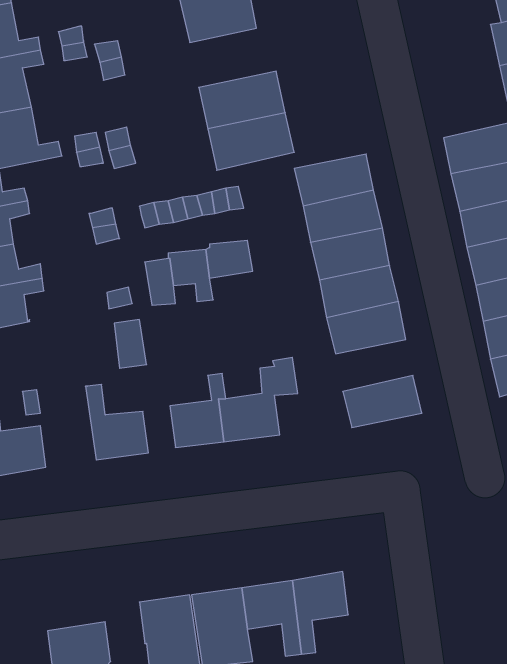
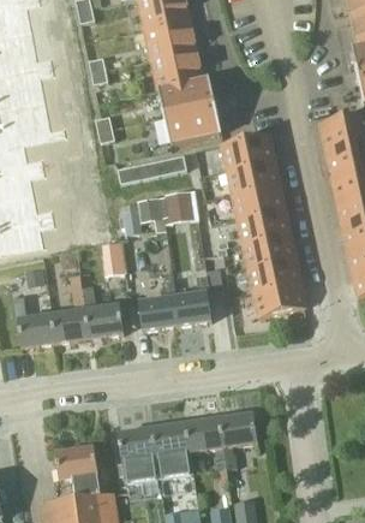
building: none -> [151,49,203,89]
building: none -> [249,257,300,292]
building: none -> [52,274,89,343]

